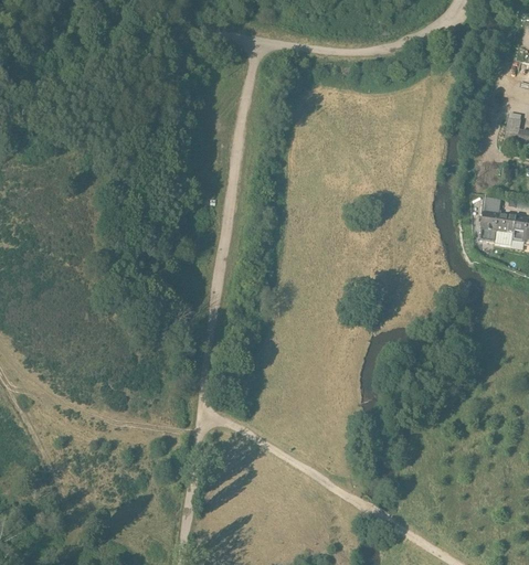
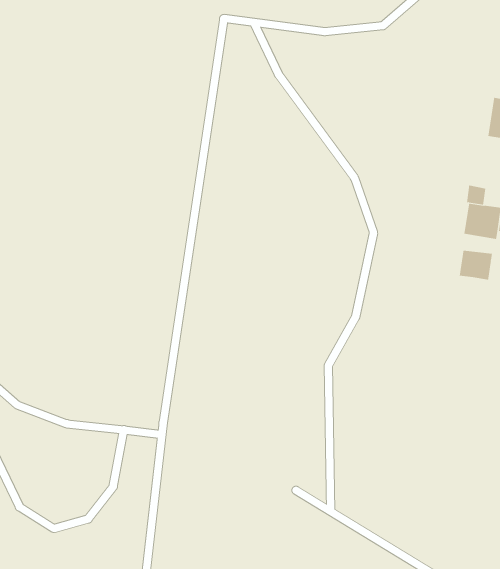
building: none -> [459,250,492,280]

